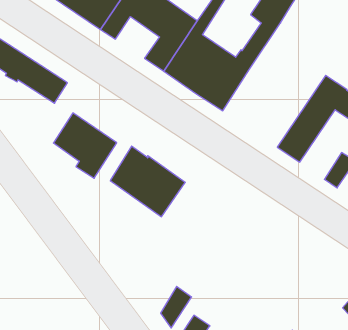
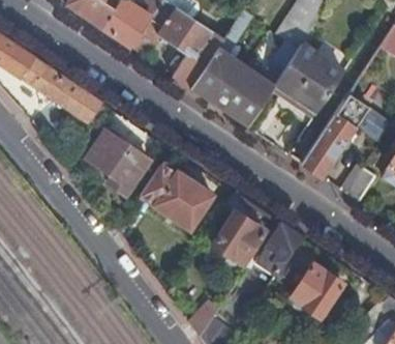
building: none -> [274,41,343,114]
building: none -> [212,210,264,262]
building: none -> [254,222,300,274]
building: none -> [287,261,340,315]

